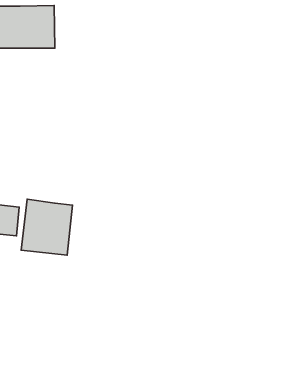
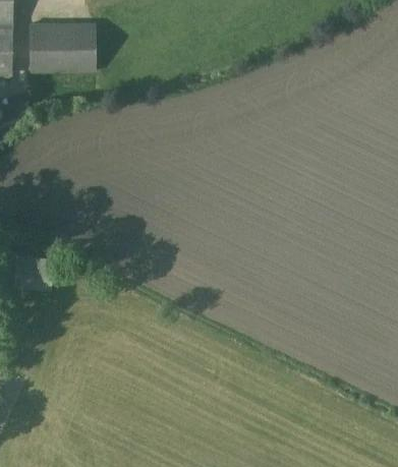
building: [21,199,72,255] -> none

